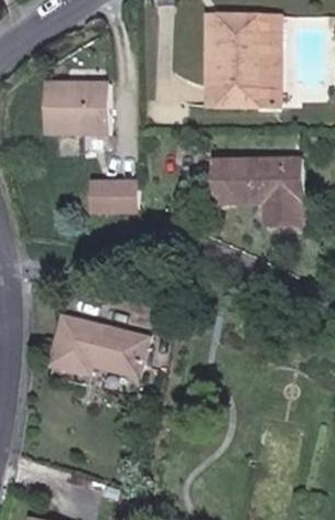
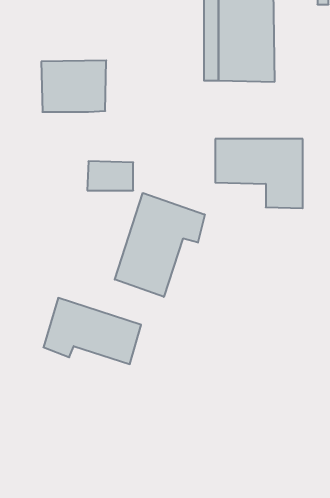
building: none -> [115,193,205,297]

